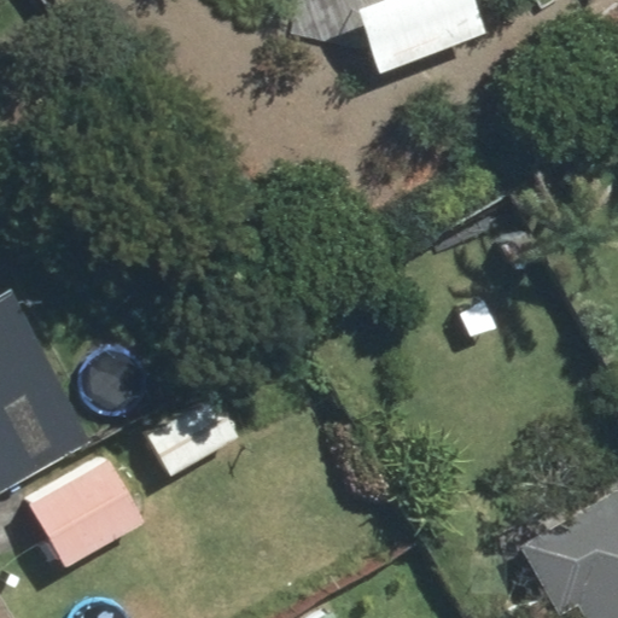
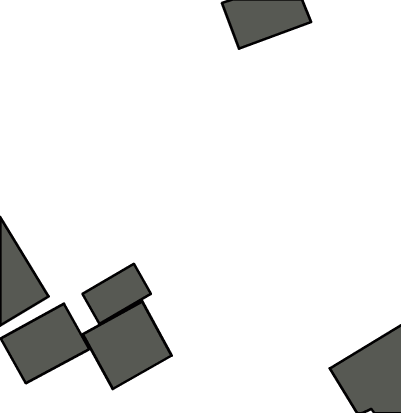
building: none -> [83,301,172,389]

